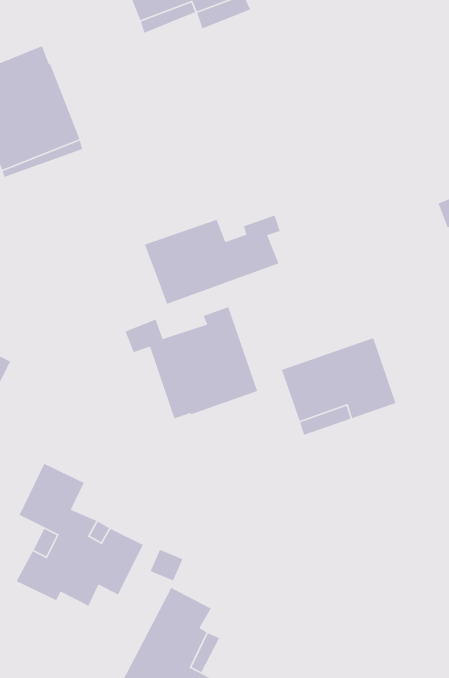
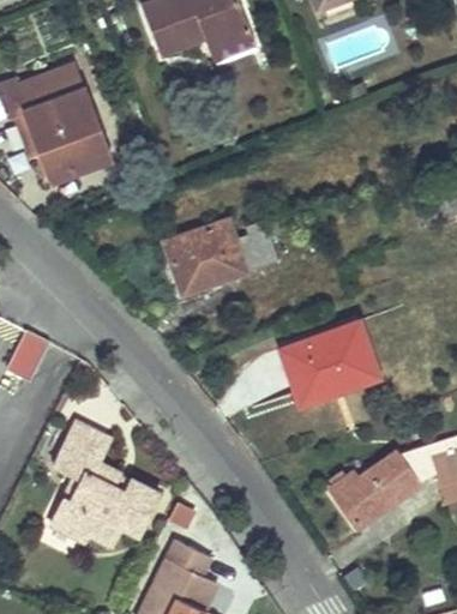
building: [125,306,258,420] -> none
building: none -> [330,451,415,523]

